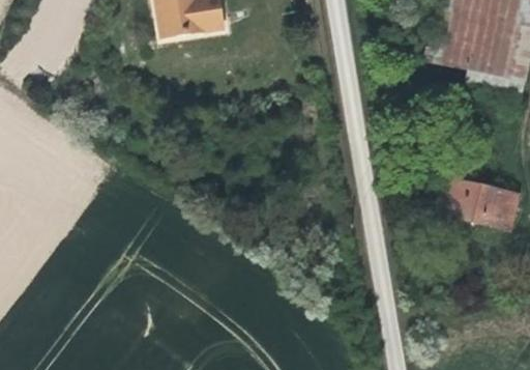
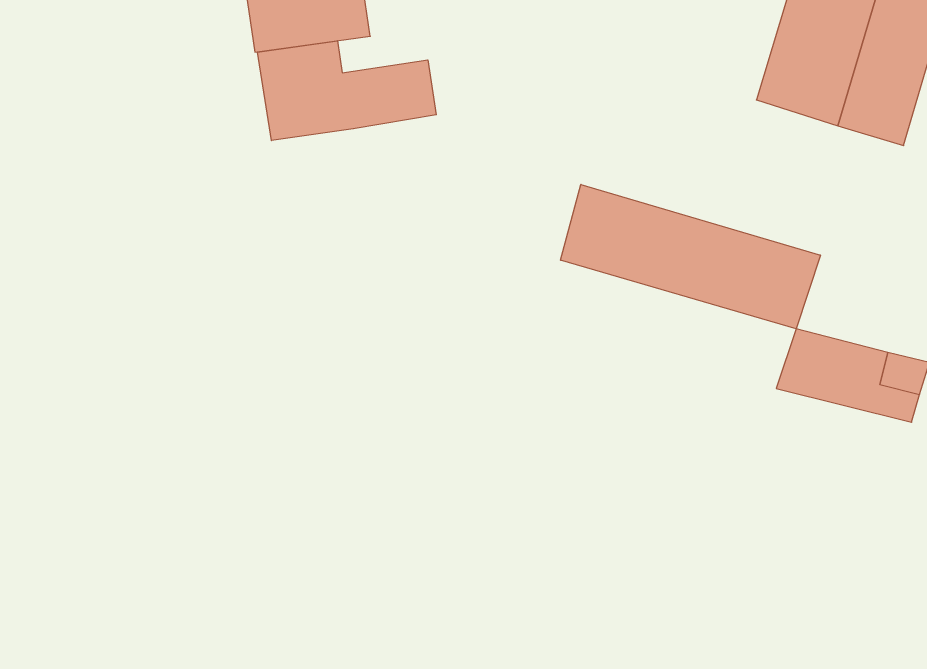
building: none -> [258,41,436,141]
building: none -> [561,184,820,329]

